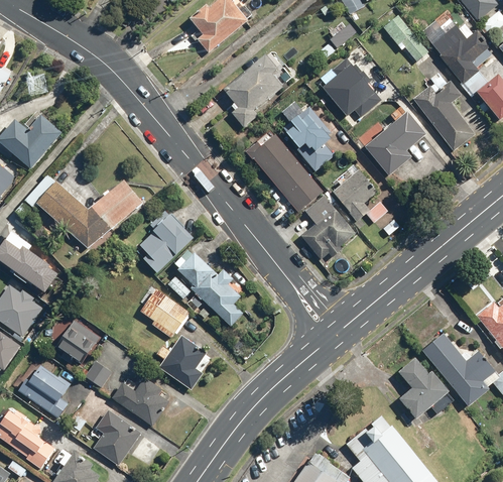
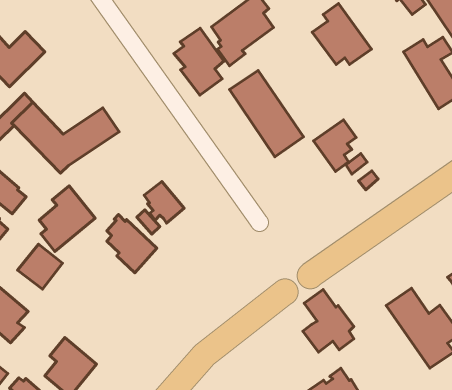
building: [285,106,335,171] -> [174,28,224,95]
building: [365,106,427,176] -> none
building: [300,195,356,260] -> none
building: [138,209,193,274] -> [39,186,95,252]
building: [190,269,243,327] -> none
building: [156,336,205,390] -> none
building: [397,356,449,417] -> [303,290,354,352]
building: [83,360,112,388] -> none
building: [113,375,172,427] -> none

